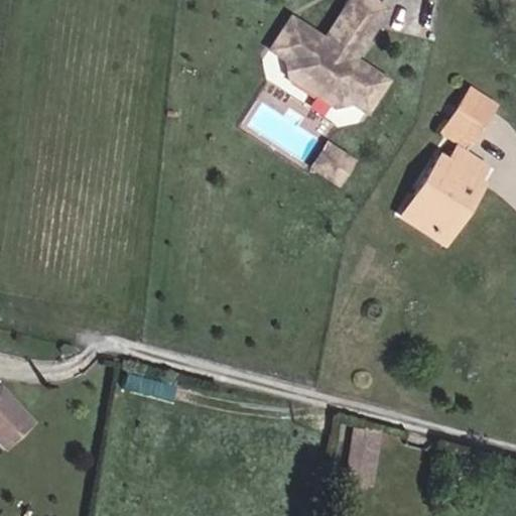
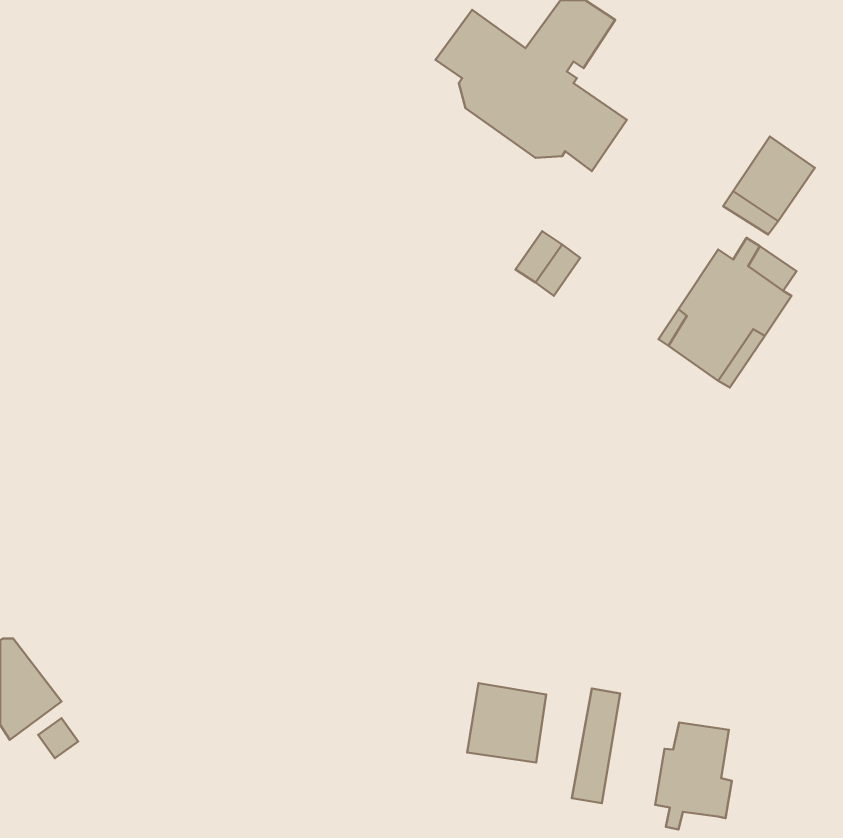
building: none -> [467,683,546,762]
building: none -> [655,723,732,829]

